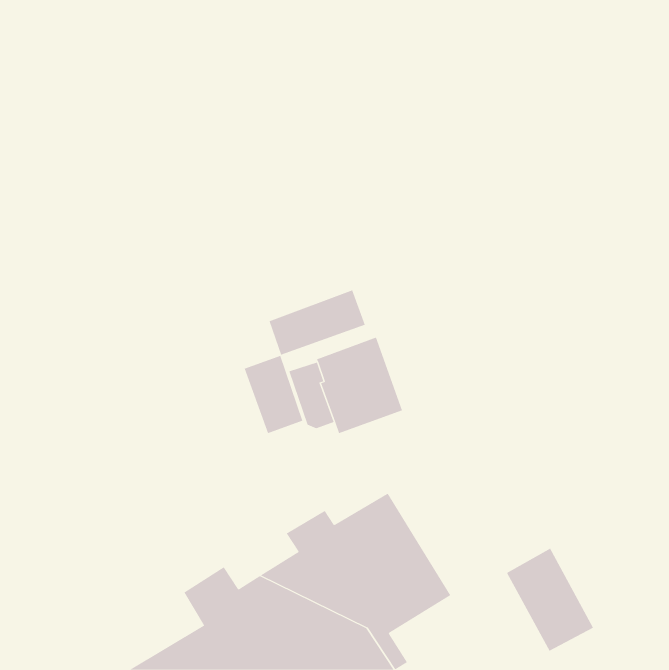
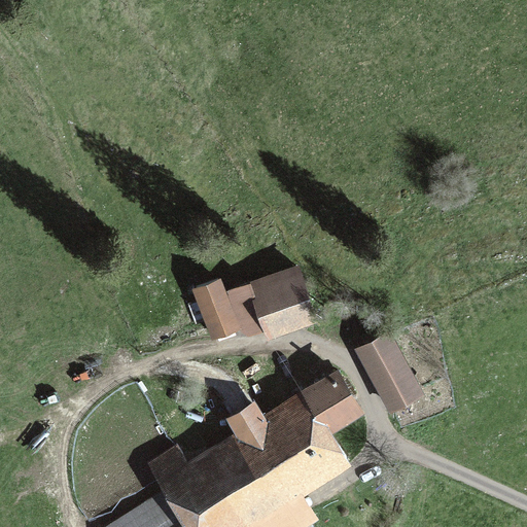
building: [269,289,365,356] -> none
building: none -> [305,368,363,432]
building: [506,548,594,652] -> [355,331,424,413]

